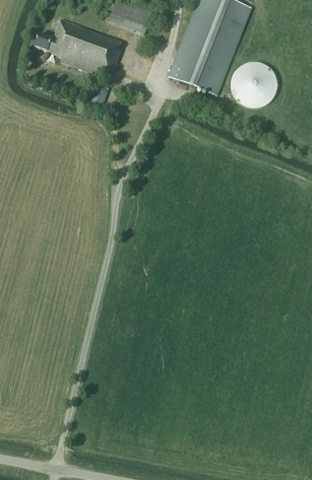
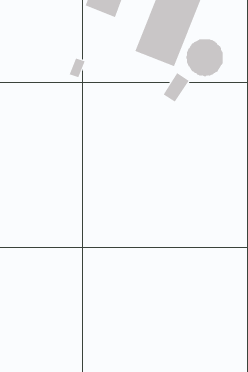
building: [35,18,121,78] -> none
building: none -> [163,72,189,103]

